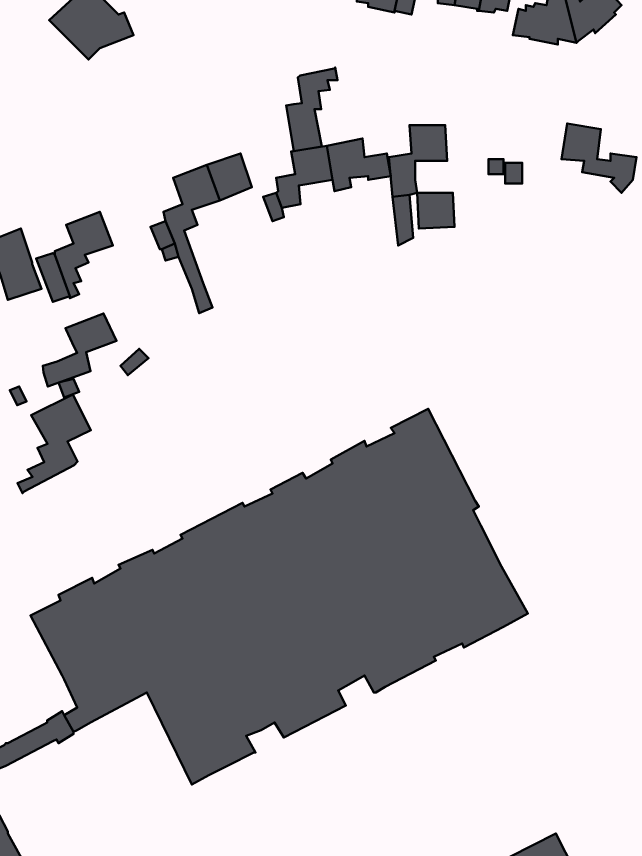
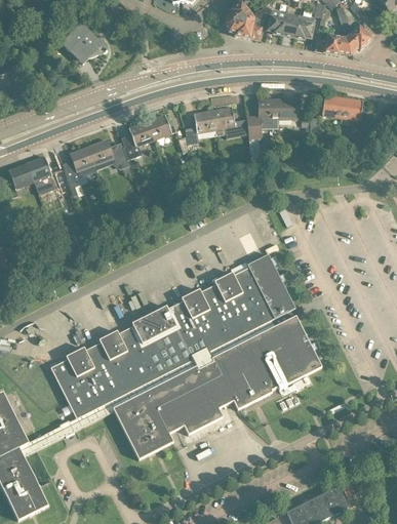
building: [286,67,337,151] -> none
building: none -> [321,94,344,117]
building: [417,193,455,229] -> [277,98,297,118]
building: none -> [88,138,113,164]
building: [43,313,117,386] -> none
building: [18,394,91,493] -> none

